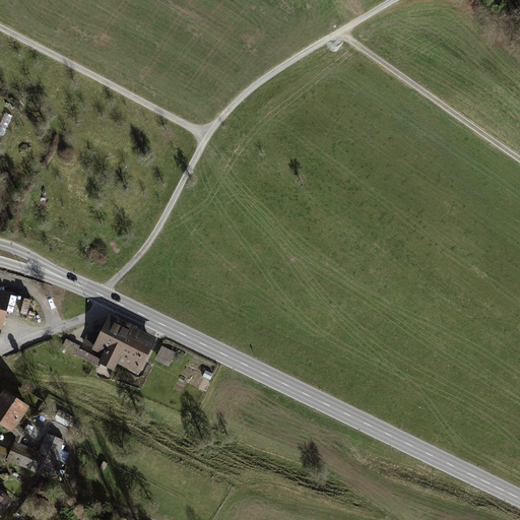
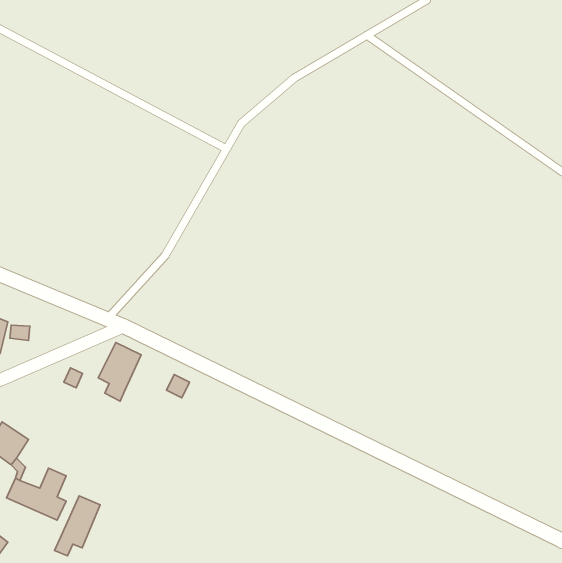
building: [115,327,152,371] -> none
building: none -> [55,496,100,556]

